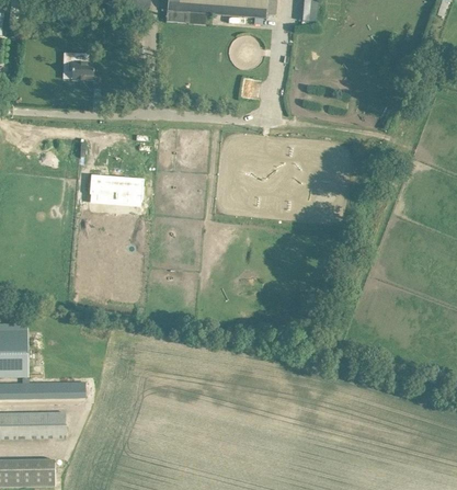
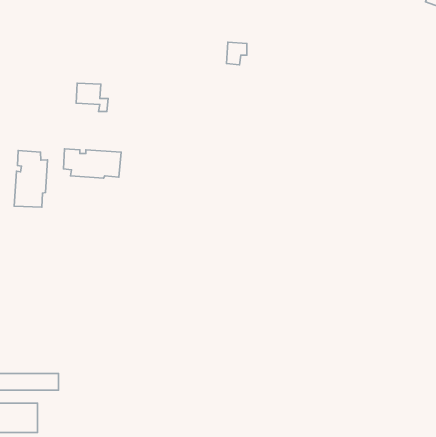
building: [70,60,100,87] -> [76,83,108,112]
building: none -> [14,150,47,207]

